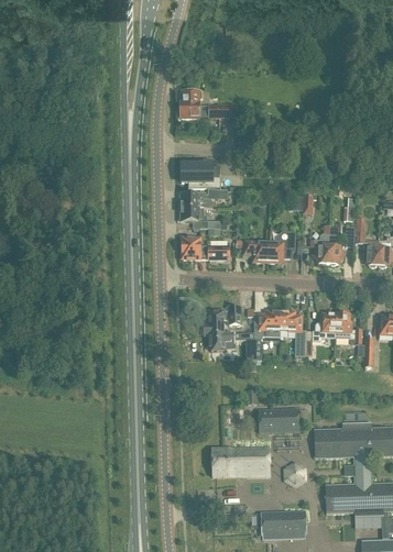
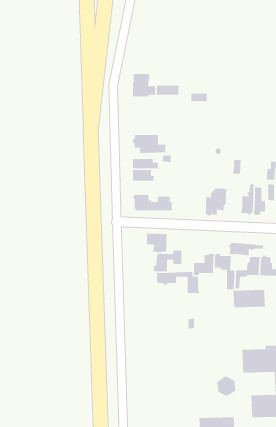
building: [243,240,270,265] -> [146,233,168,253]
building: none -> [228,242,264,256]
building: [259,409,299,432] -> [232,289,266,308]
building: [211,446,270,476] -> none

